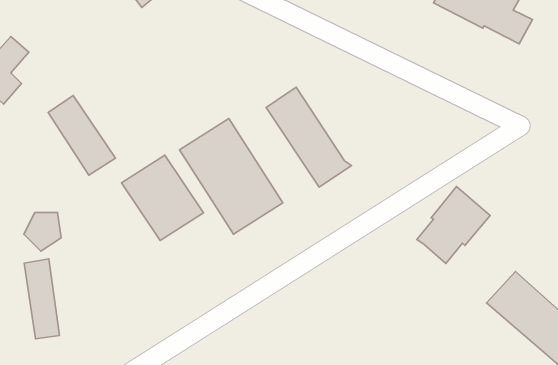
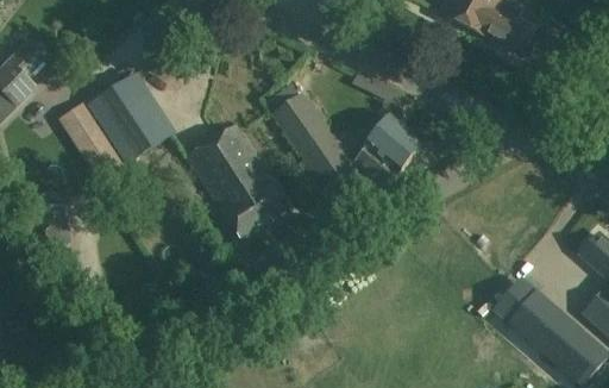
building: [122,155,203,241] -> [92,75,172,159]
building: [417,187,490,264] -> [351,113,423,189]
building: [24,259,59,339] -> none

